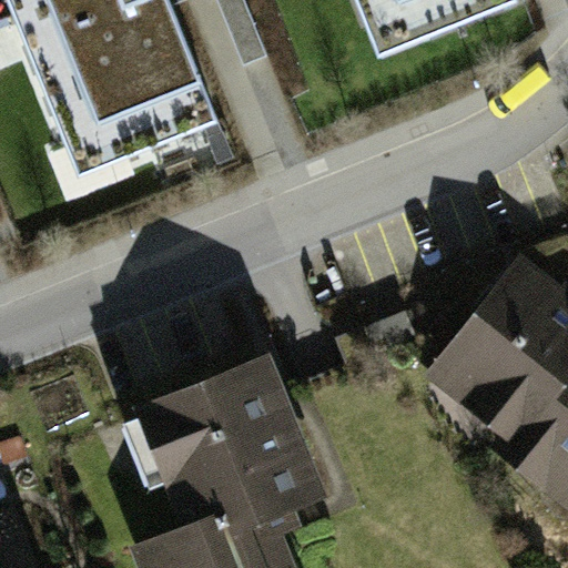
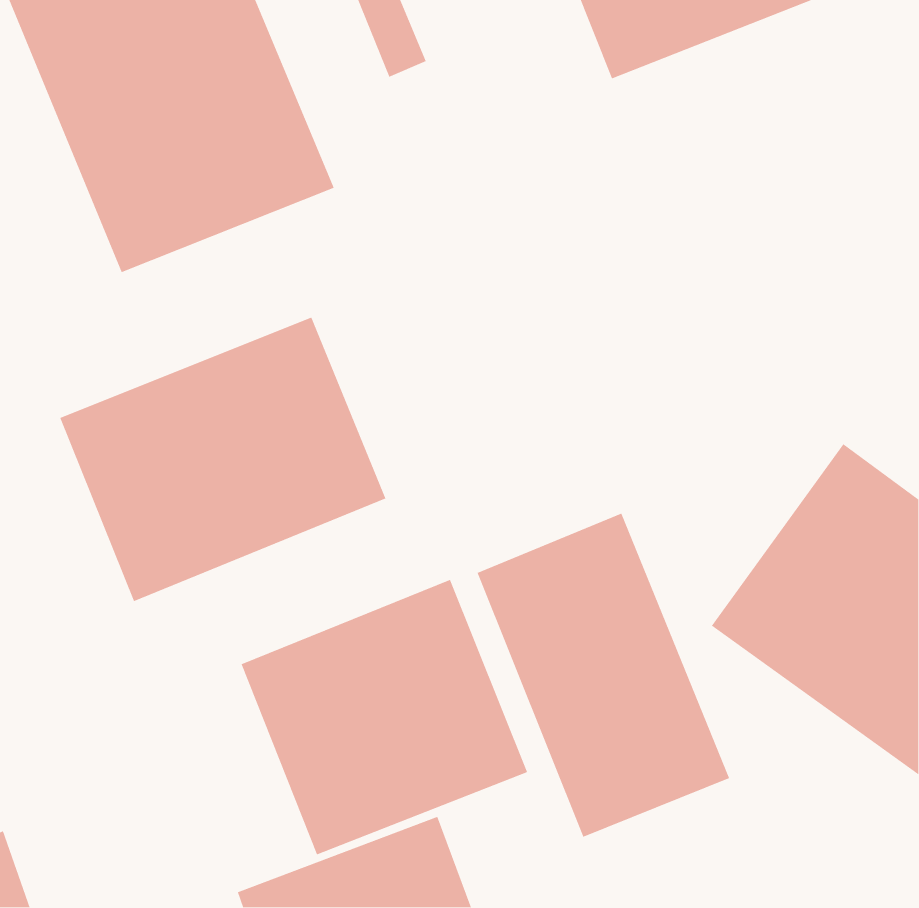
building: none -> [59,316,387,602]
building: none -> [477,513,730,838]

